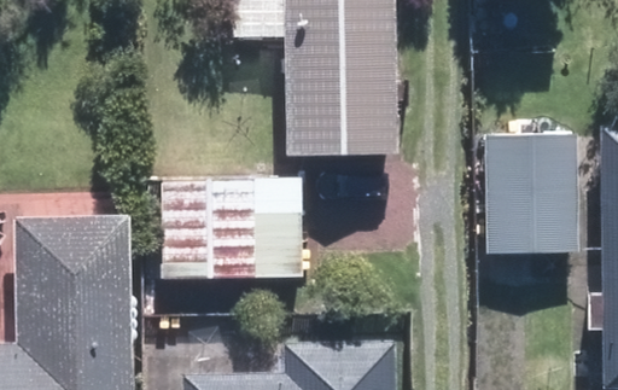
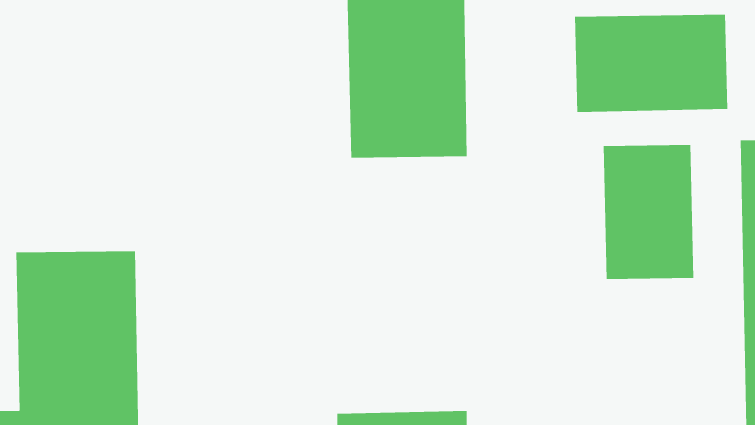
building: none -> [574,14,728,113]
building: [173,190,292,268] -> none

